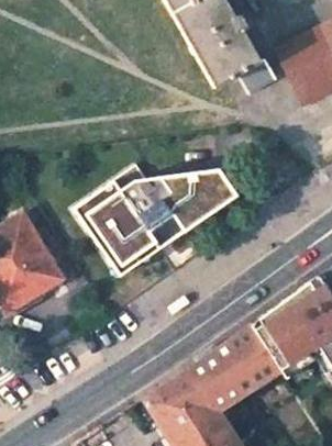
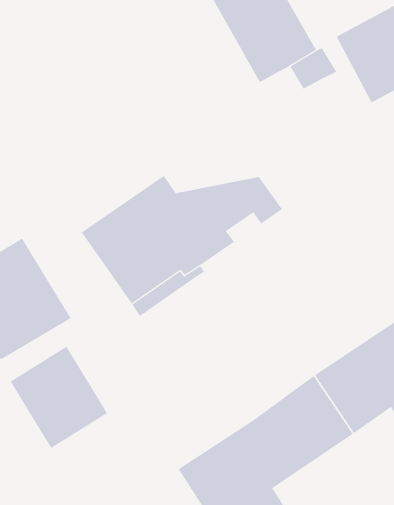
building: none -> [10,346,108,449]

